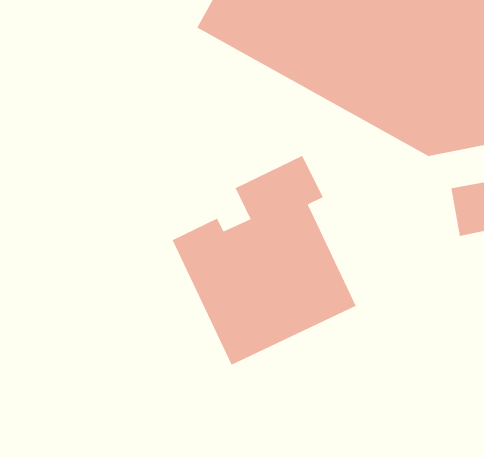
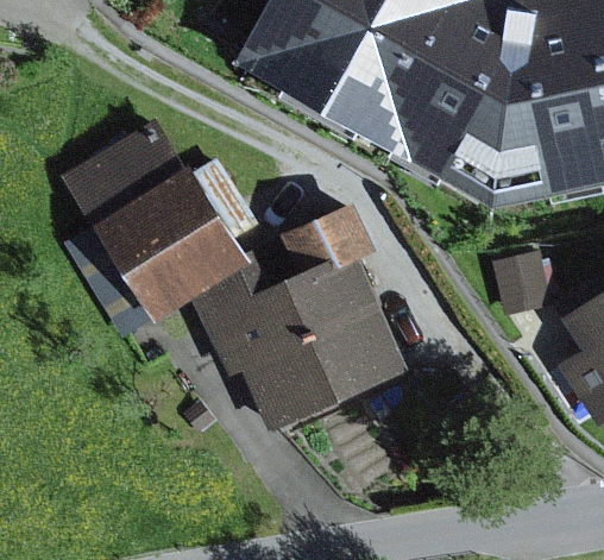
building: none -> [67,125,244,314]

